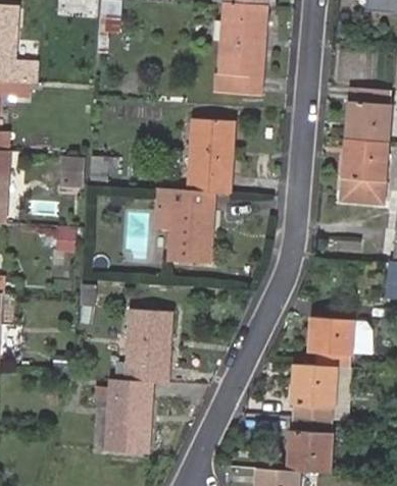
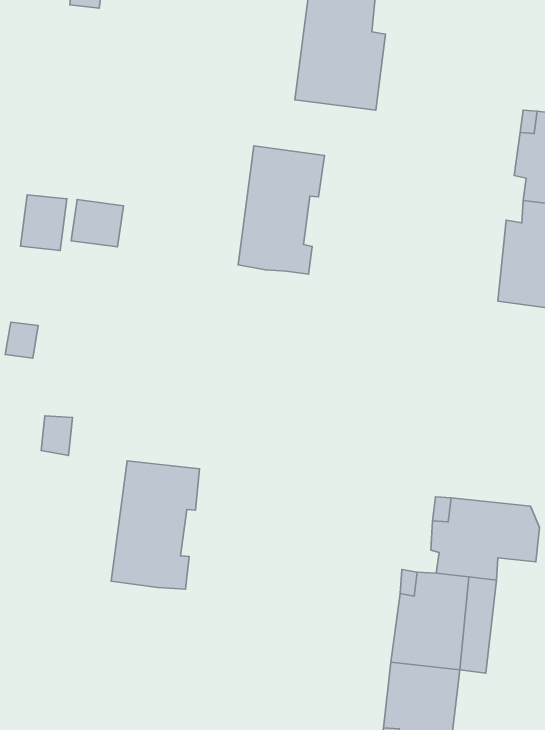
building: [153,187,216,263] -> none
building: [95,379,152,453] -> none

